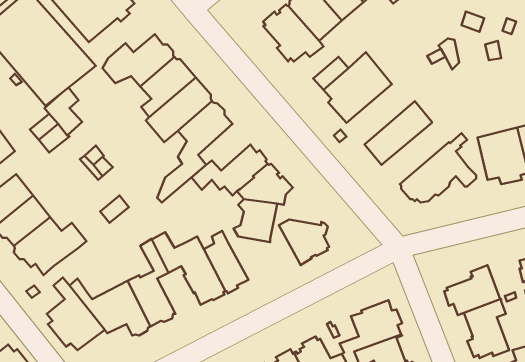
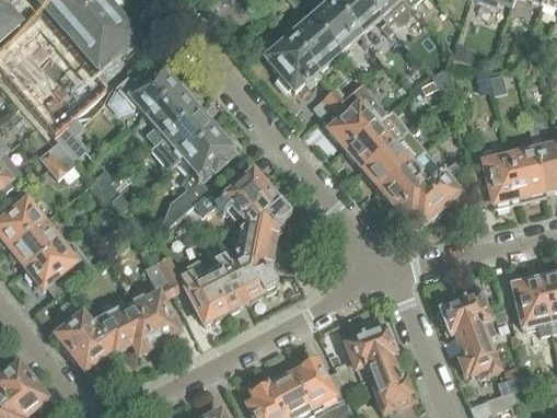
building: none -> [344,108,409,170]
building: none -> [378,149,442,208]
building: [279,220,329,265] -> [230,258,278,302]

